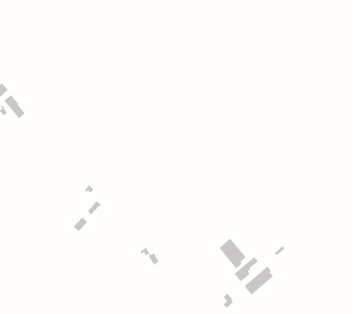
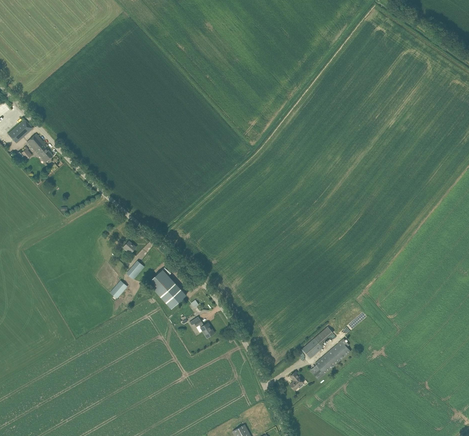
building: none -> [147,268,186,308]
building: [219,238,247,269] -> none

